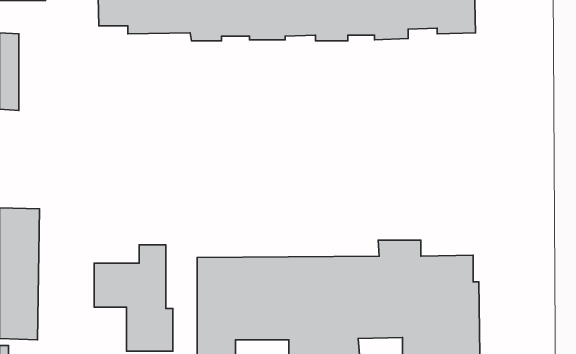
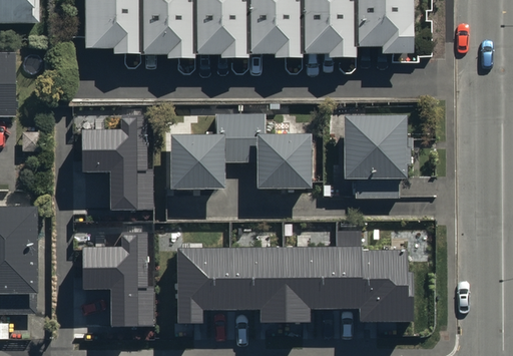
building: none -> [343,112,413,199]
building: none -> [169,113,310,188]
building: none -> [81,117,149,210]

